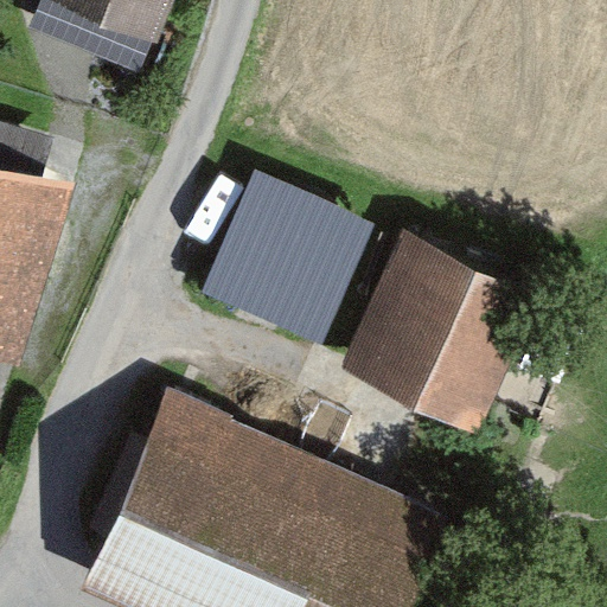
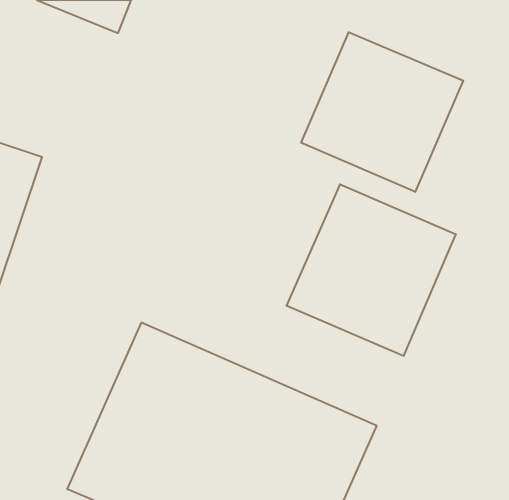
building: none -> [301,32,463,192]
building: [204,162,379,339] -> none

